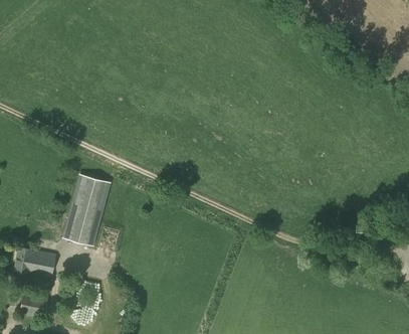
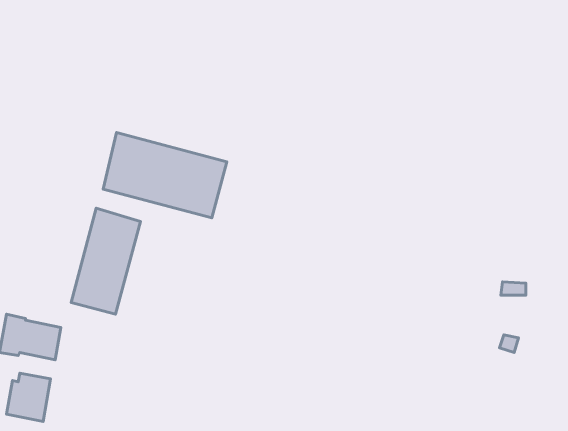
building: none -> [103,132,227,218]

